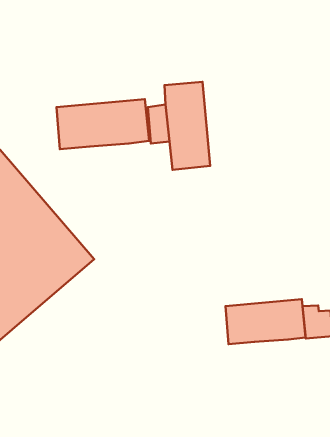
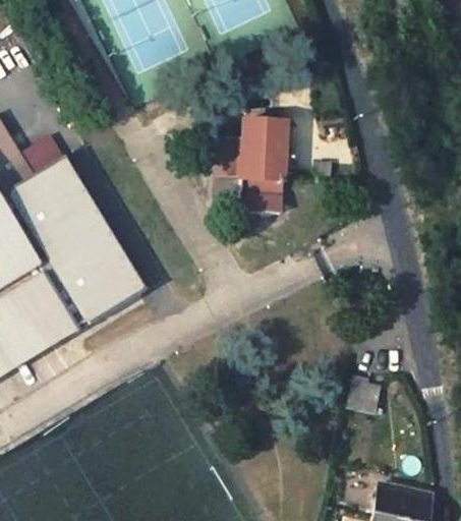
building: [57,99,149,149] -> none
building: [226,299,306,344] -> none

